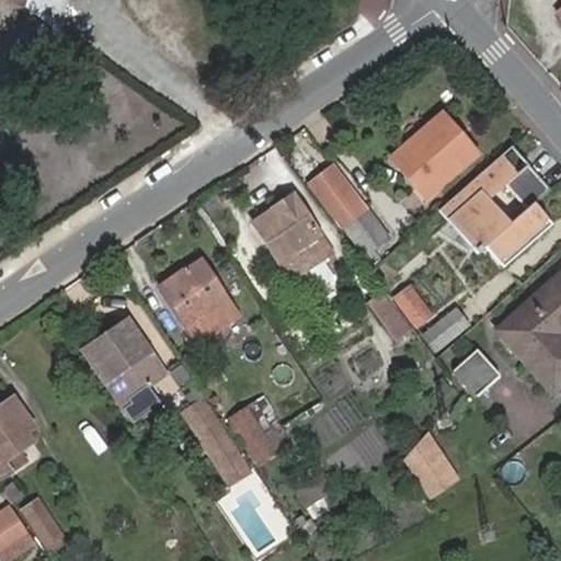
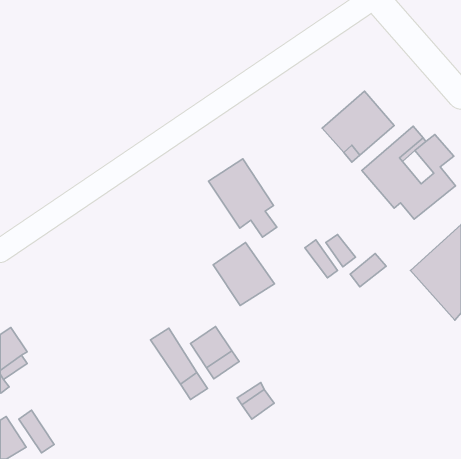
building: [311,164,388,257] -> none
building: [160,259,234,335] -> [213,242,274,306]
building: [81,319,164,432] -> none
building: [456,348,499,392] -> none
building: [402,428,462,500] -> none

